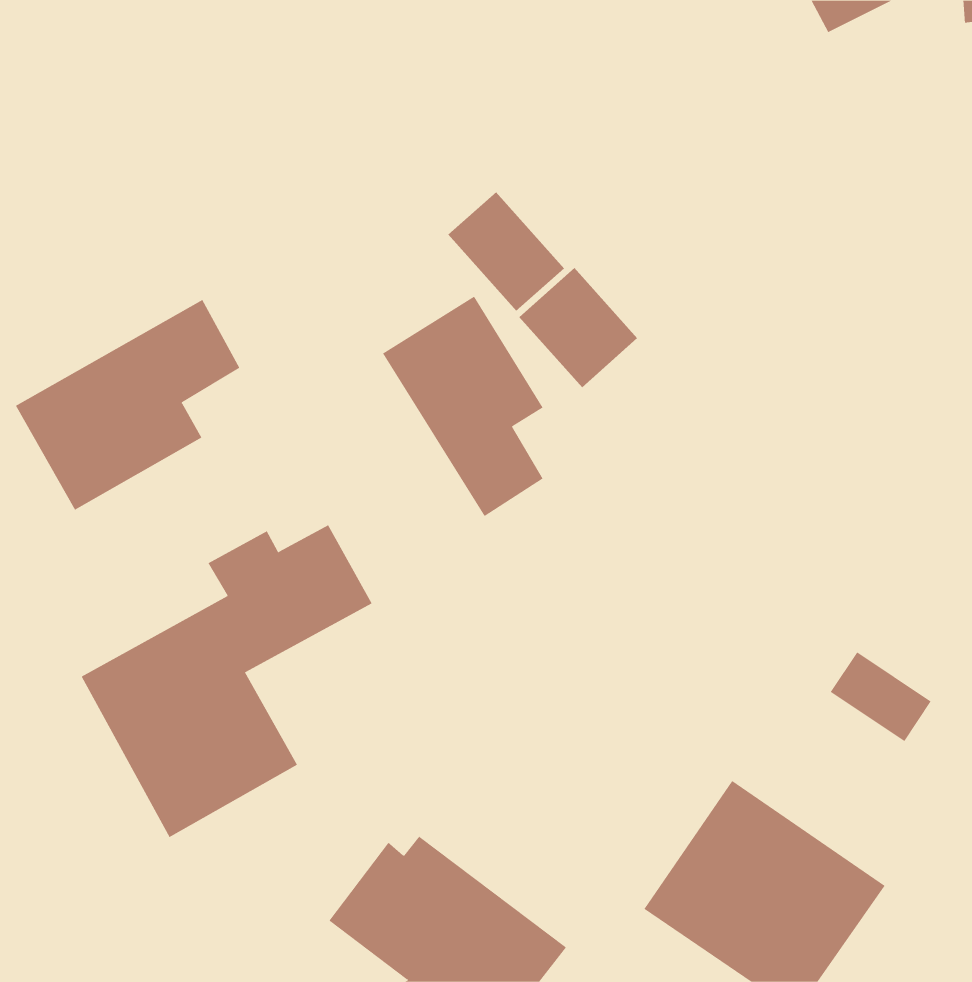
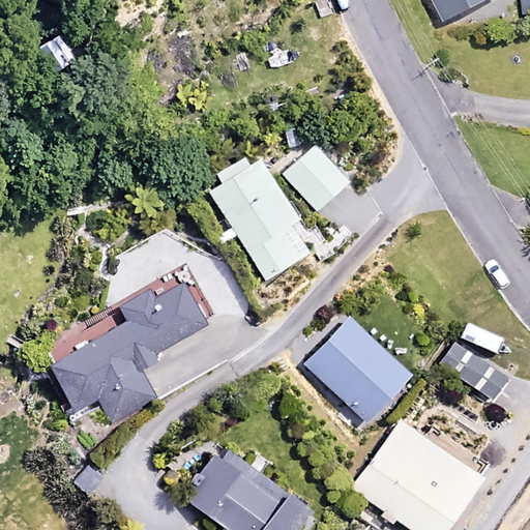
building: [448,191,565,312] -> none
building: [15,299,240,511] -> none
building: none -> [306,317,411,421]

